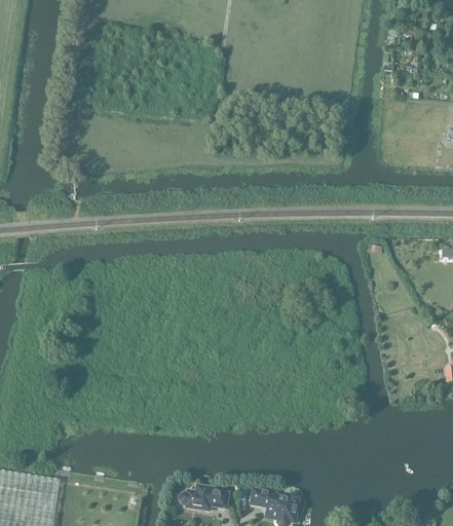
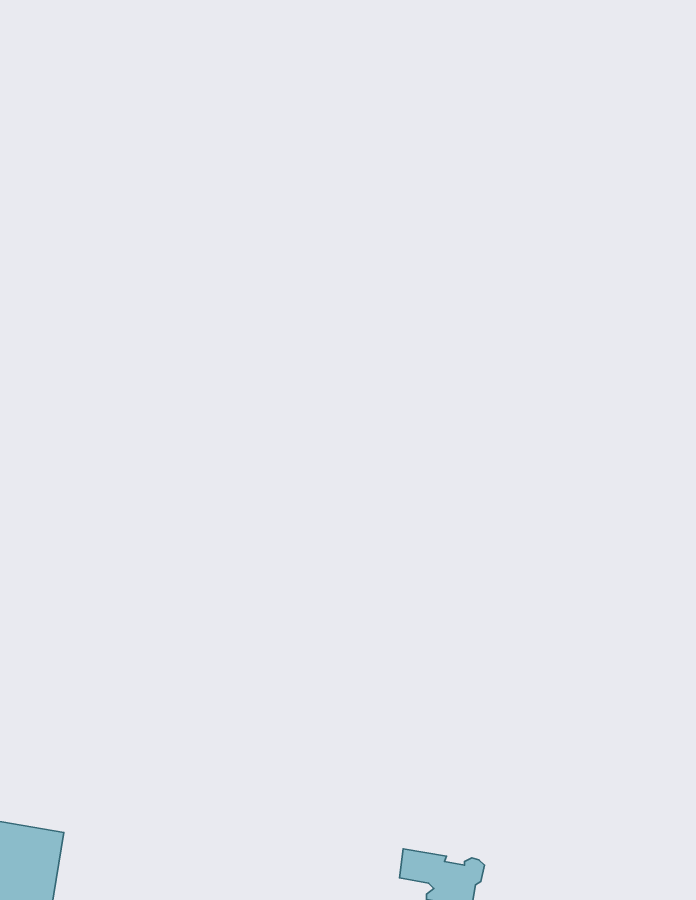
building: [180,485,228,510] -> none

